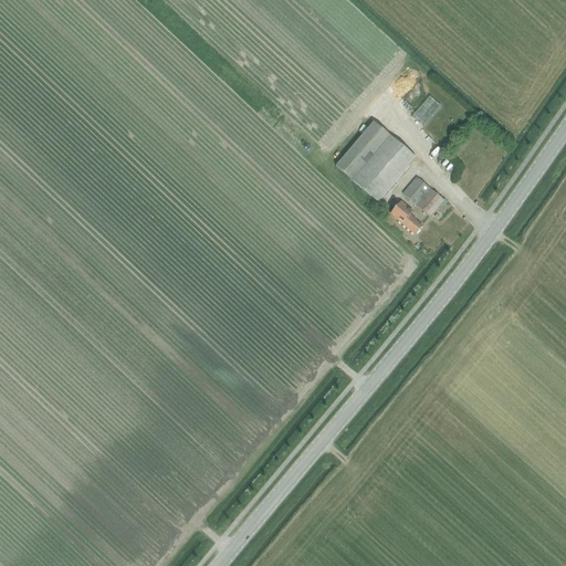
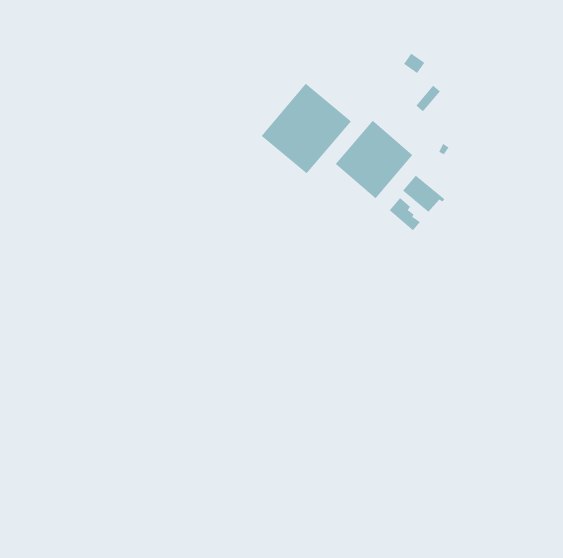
building: none -> [261,83,352,174]

